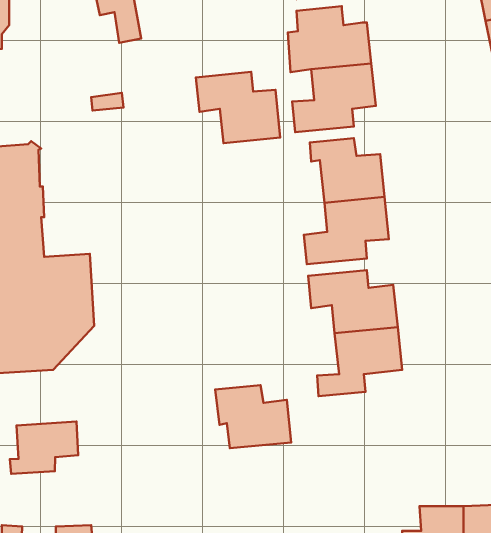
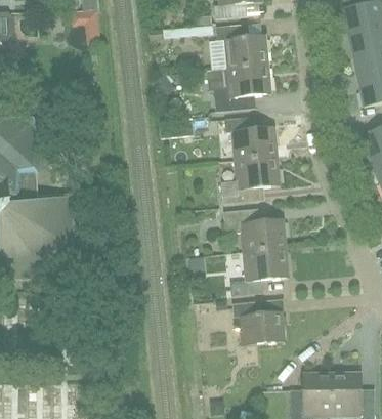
building: [196,72,280,143] -> none
building: [215,385,291,448] -> [231,301,285,345]
building: [10,422,78,474] -> none

